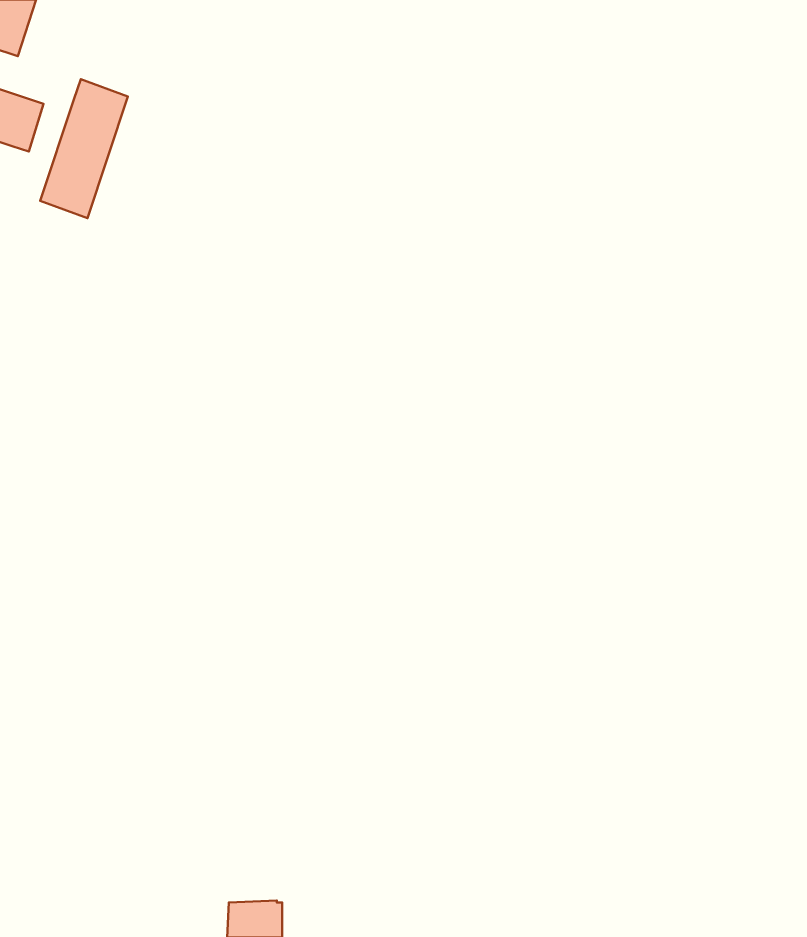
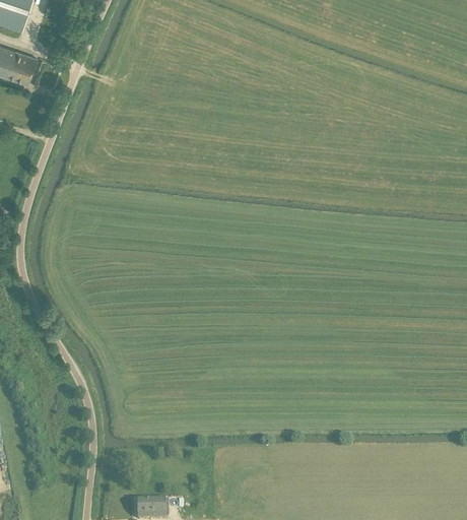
building: [40,79,128,218] -> none

